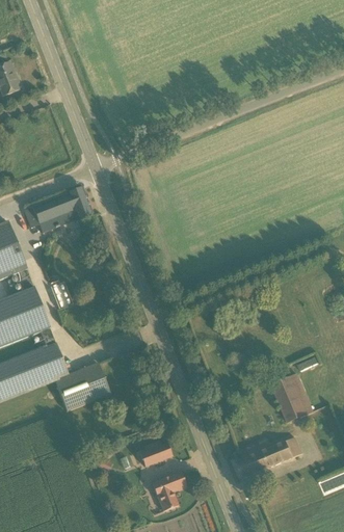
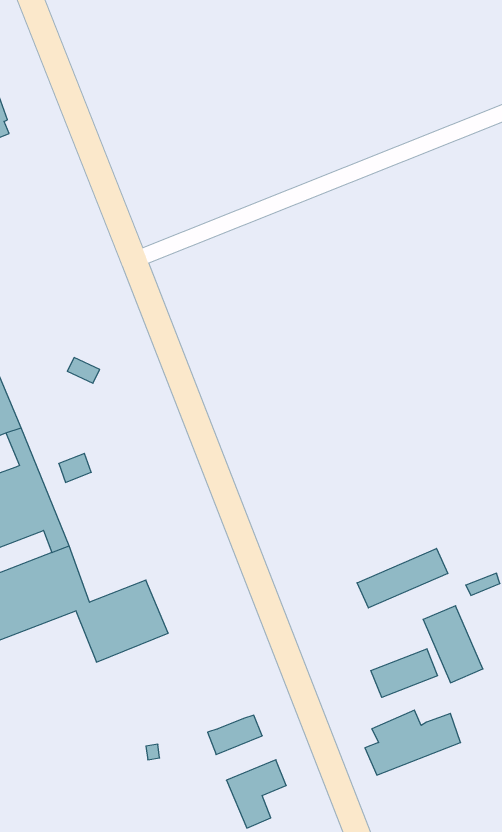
building: [25,187,92,225] -> none
building: none -> [357,548,448,608]
building: none -> [371,649,438,697]

